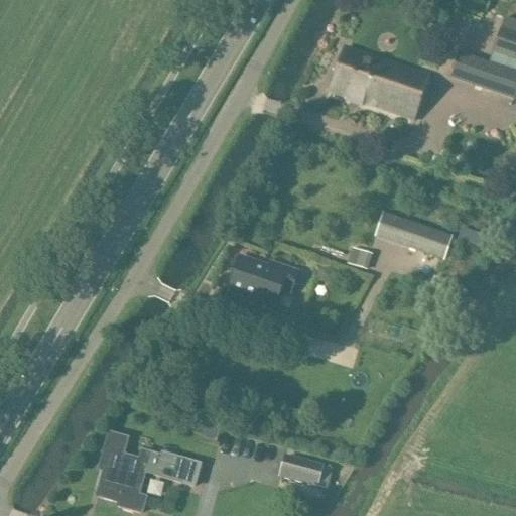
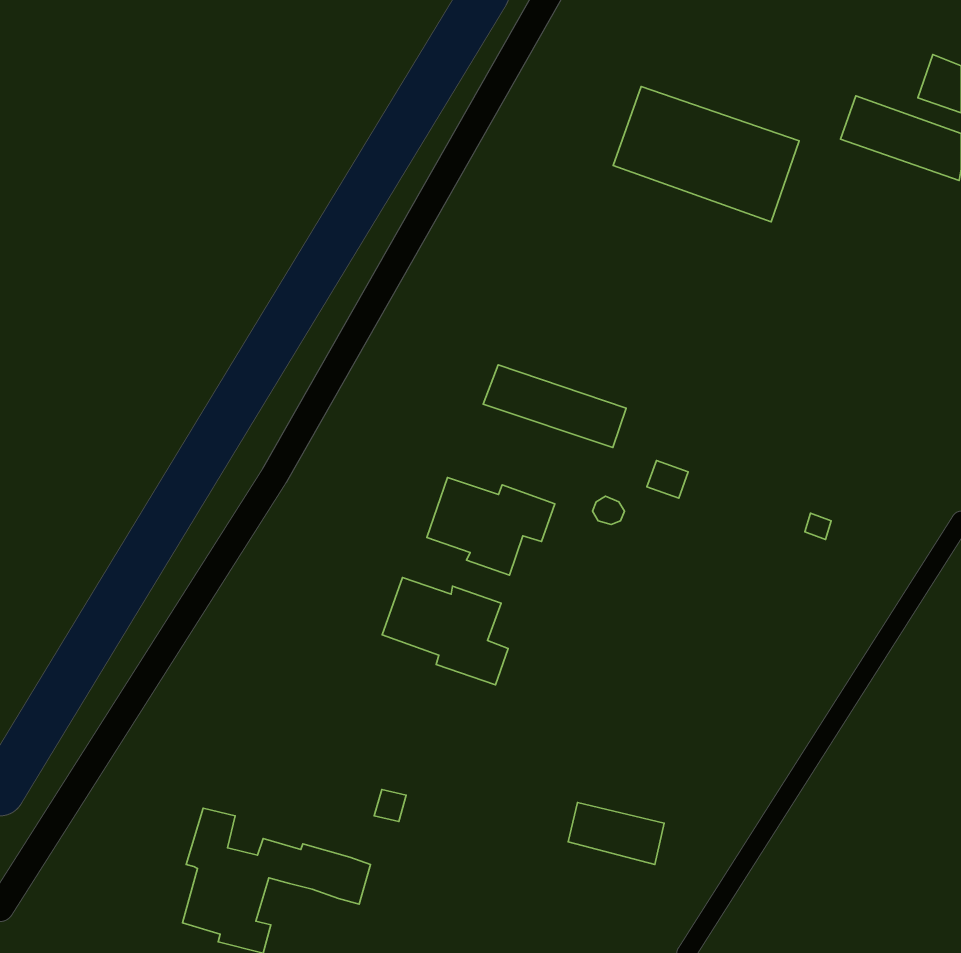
building: [375,212,452,256] -> [483,365,626,447]
building: none -> [382,577,508,685]
building: [280,456,332,489] -> [568,802,664,864]

